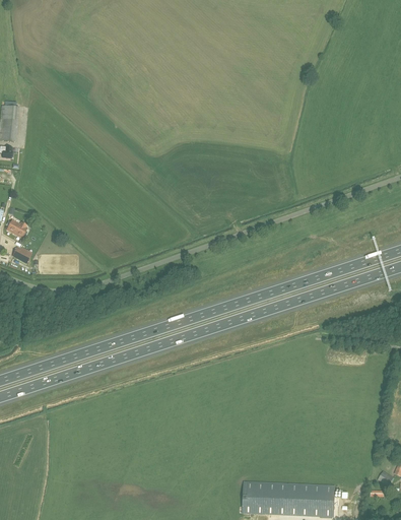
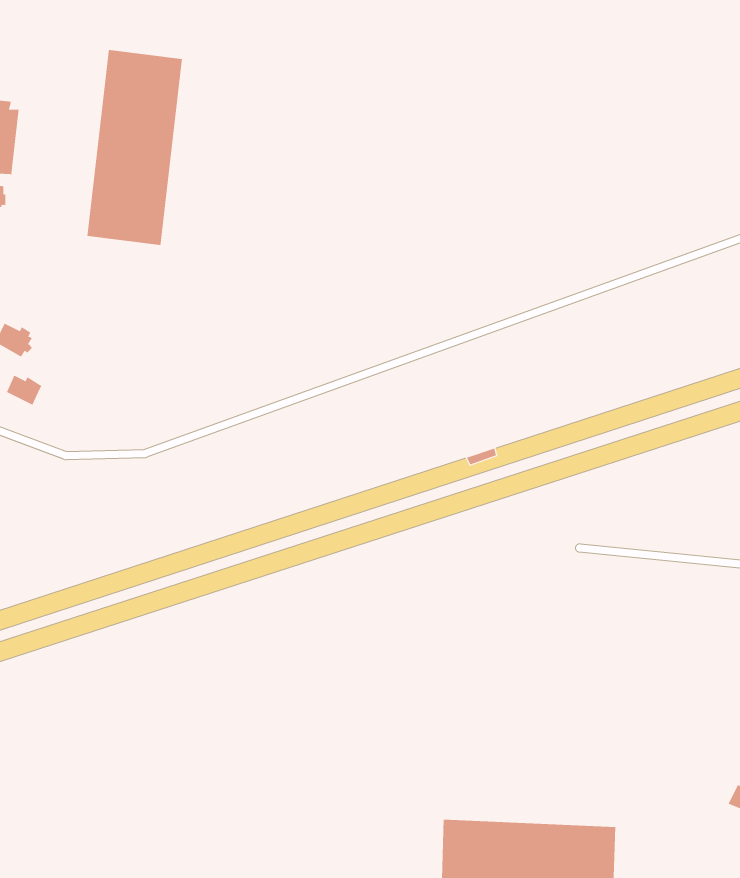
building: none -> [87,49,182,246]

